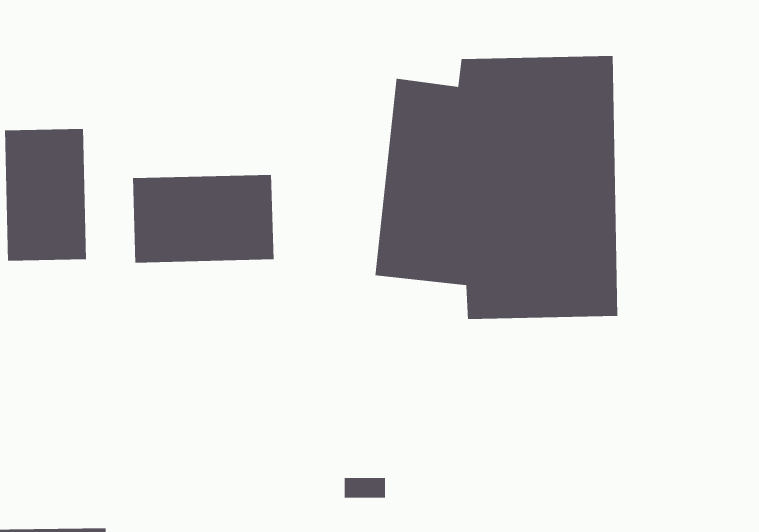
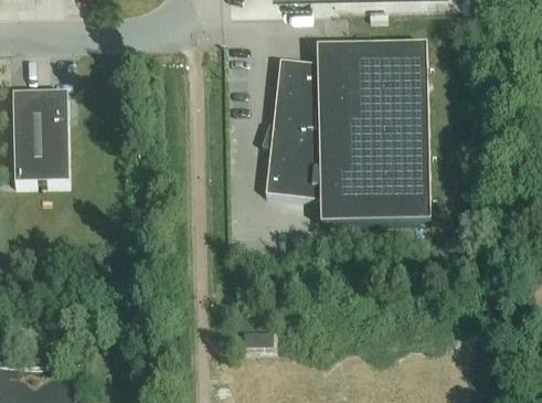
building: [132,174,274,263] -> none

